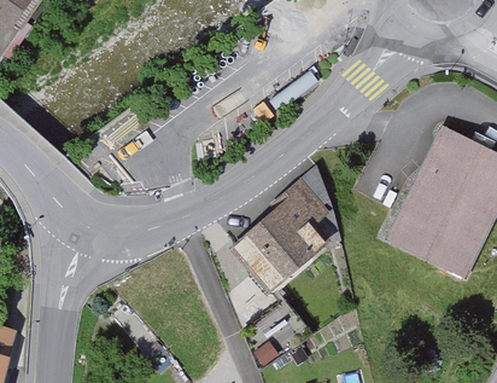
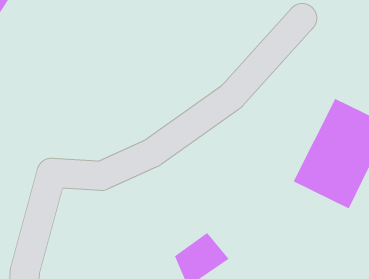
building: [236,167,340,288] -> none

